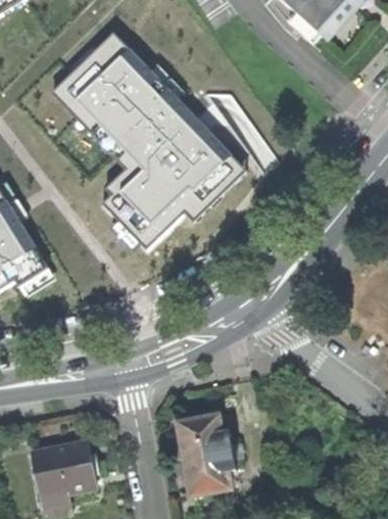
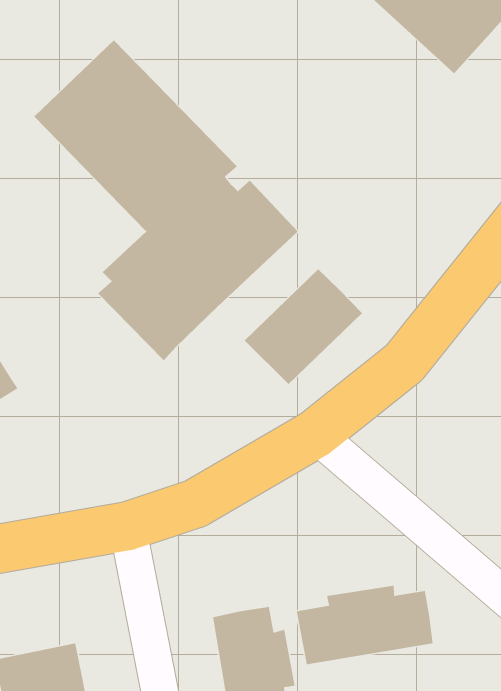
building: none -> [244,269,363,385]
building: none -> [296,585,433,665]

